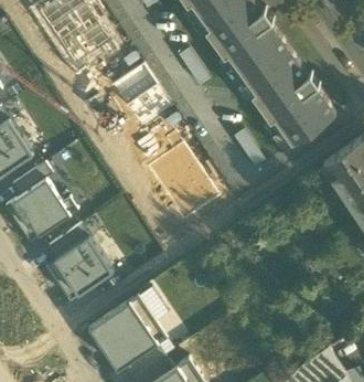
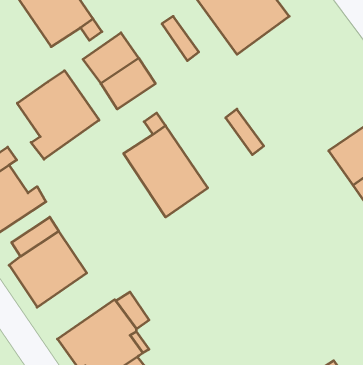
building: [243,49,335,147] -> none
building: none -> [17,71,99,159]

